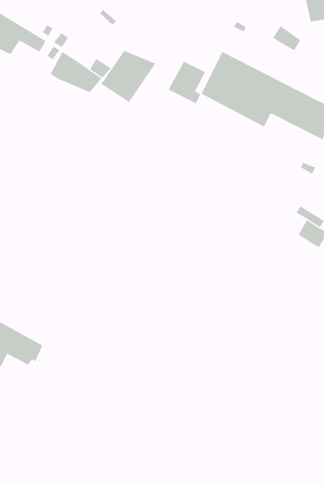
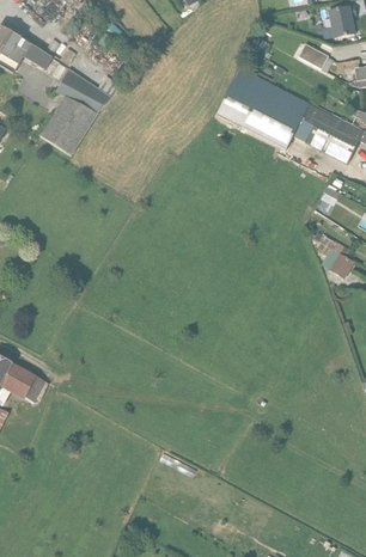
building: [100,50,156,103] -> [38,97,98,153]
building: [168,61,206,104] -> none

